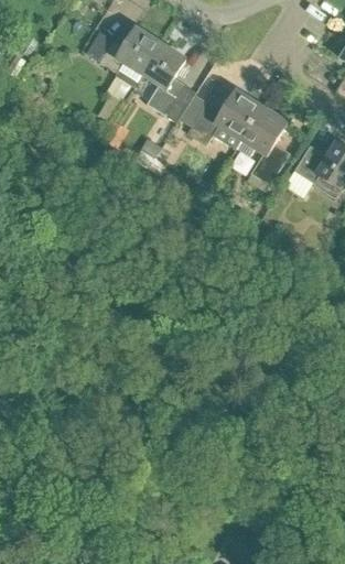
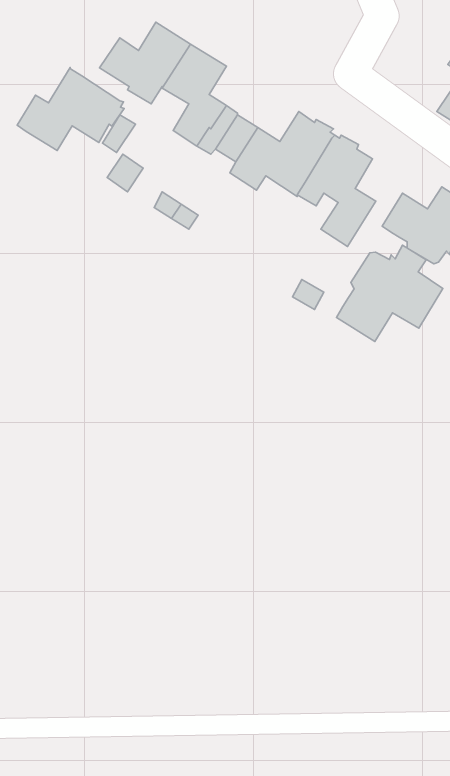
building: none -> [17,68,124,150]
building: none -> [336,245,443,341]

